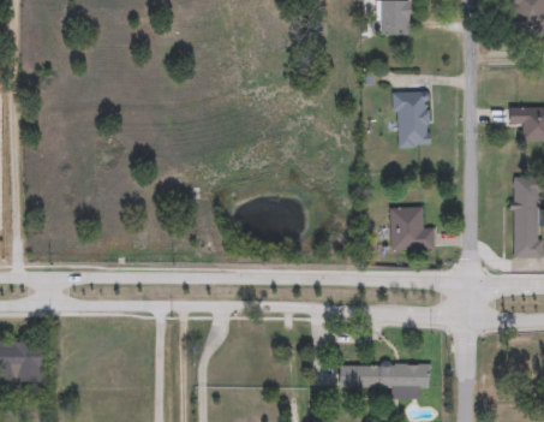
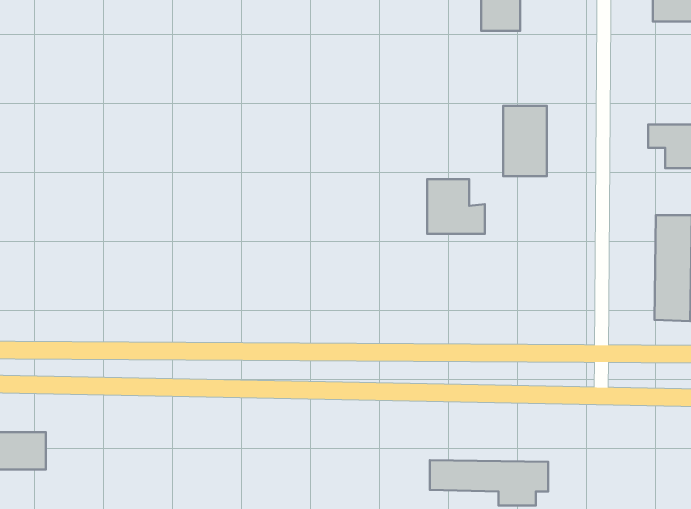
building: [390,207,435,249] -> [427,179,485,234]

